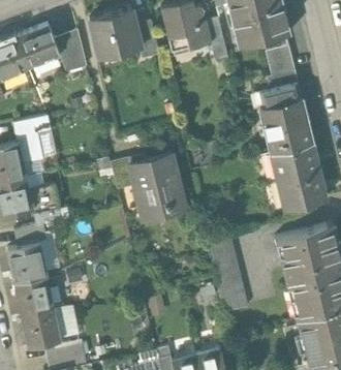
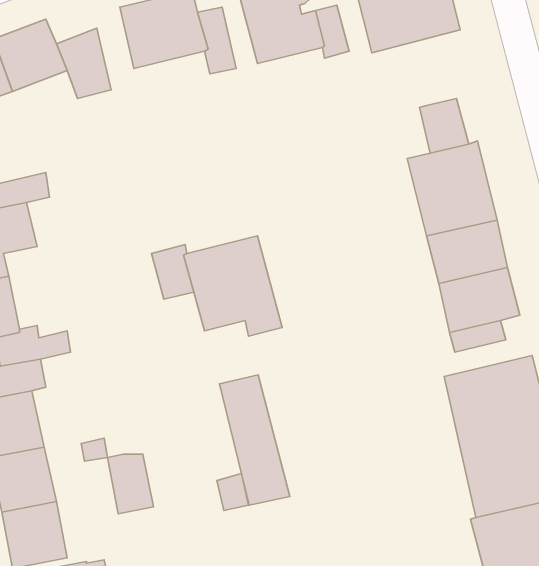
building: [266,47,295,76] -> none
building: [207,237,248,313] -> [219,375,290,505]
building: [54,307,81,342] -> [108,454,153,514]

